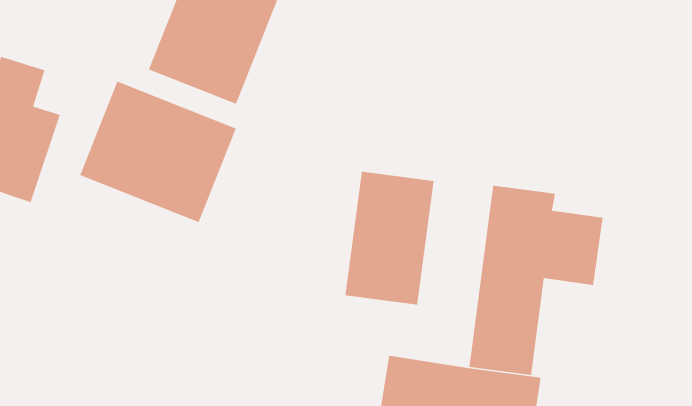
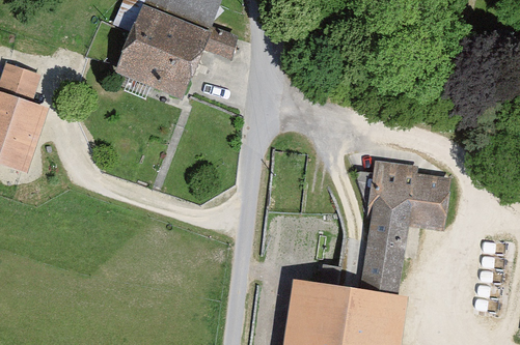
building: [79,81,237,223] -> none
building: [345,171,434,306] -> none

